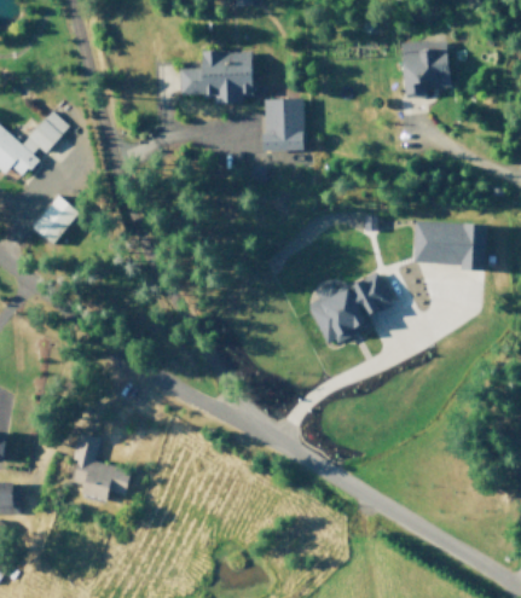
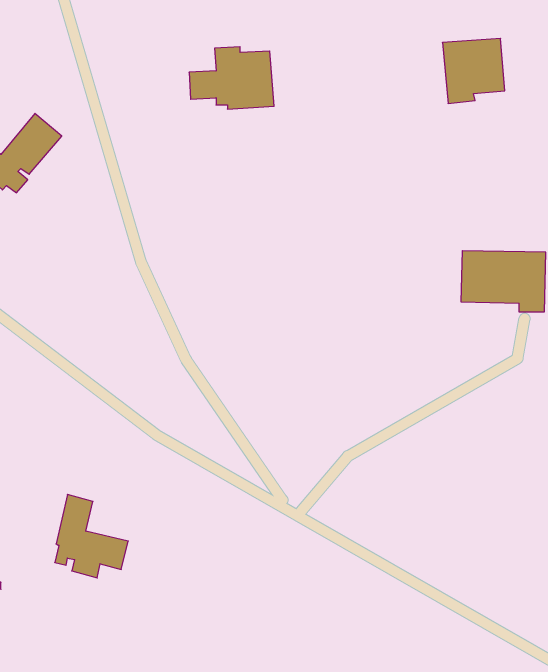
building: [260,98,305,151] -> none
building: [29,192,80,246] -> none
building: [307,277,386,348] -> none

